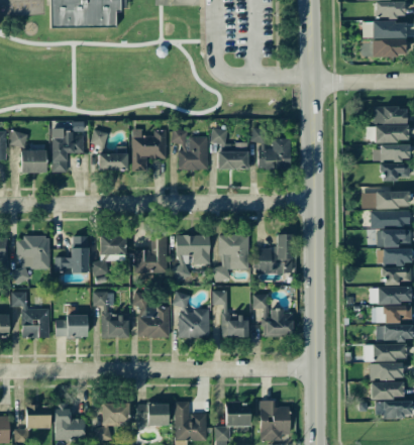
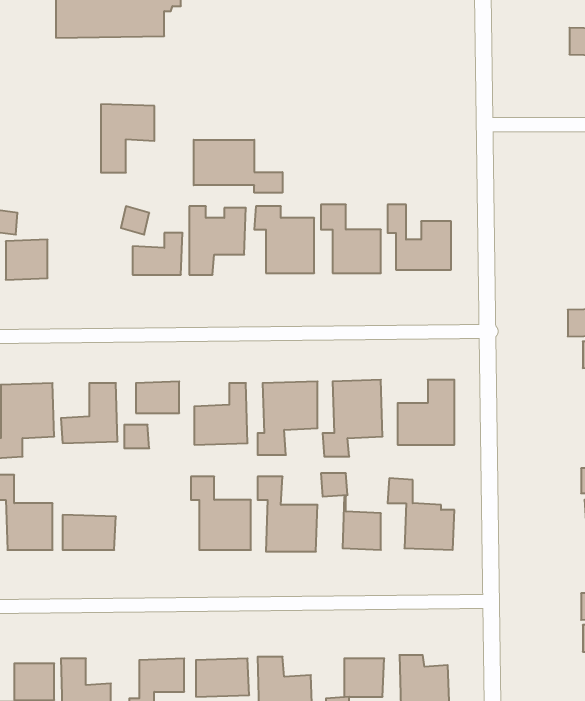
building: none -> [194,140,282,193]
building: [51,131,84,173] -> [101,104,154,173]
building: [93,292,128,338] -> none

